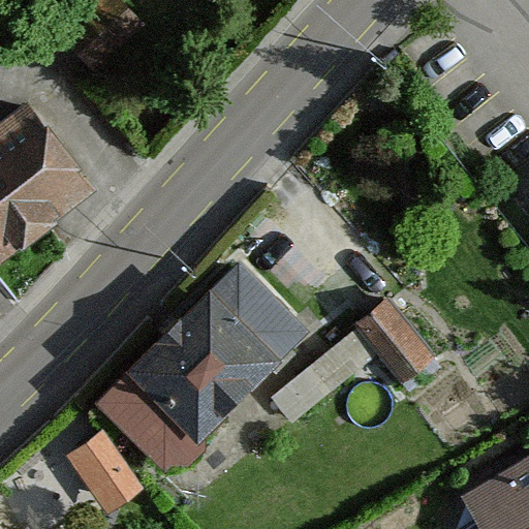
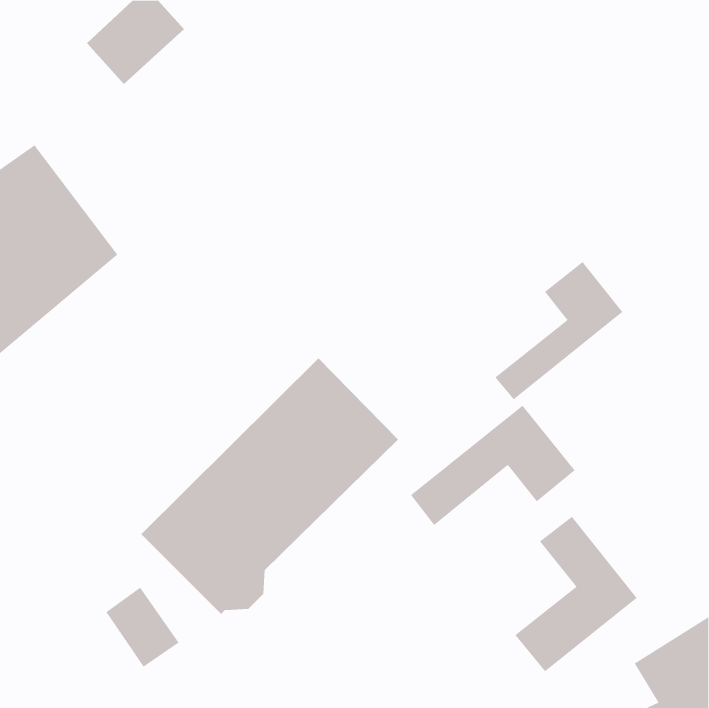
building: none -> [494,261,623,400]
building: none -> [514,516,638,672]

